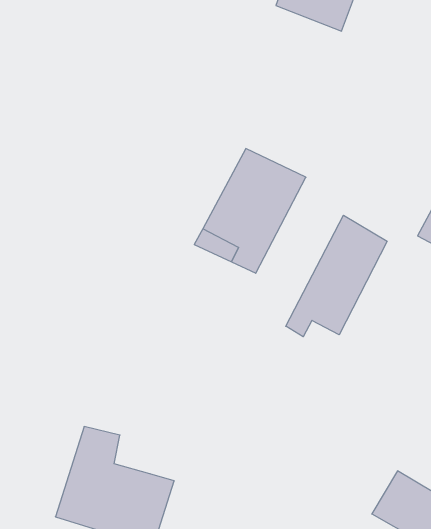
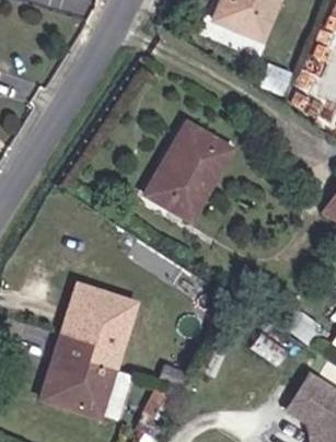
building: [286,215,387,337] -> none
building: none -> [66,294,136,375]

